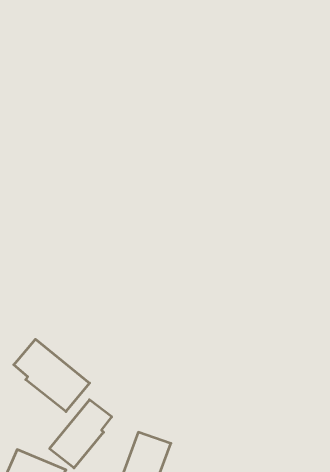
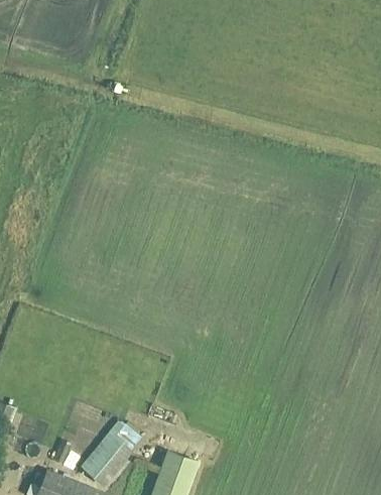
building: [14,339,90,412] -> none

